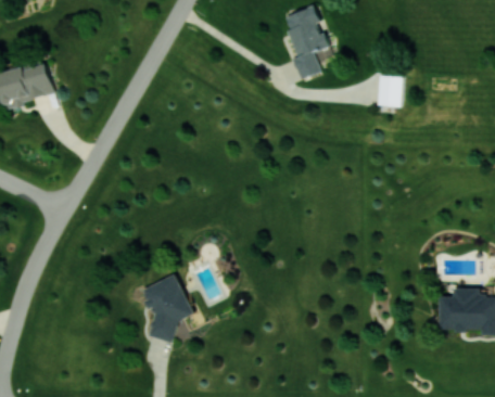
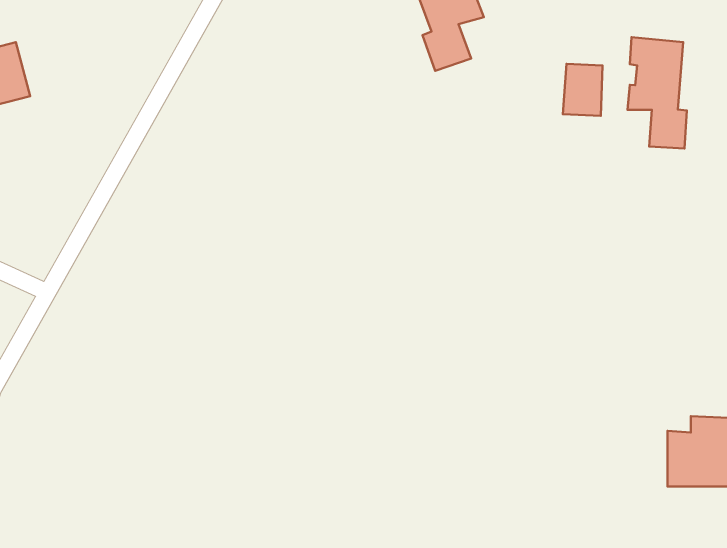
building: none -> [628,37,687,149]
building: [143,273,194,343] -> none

